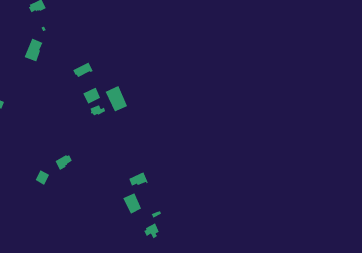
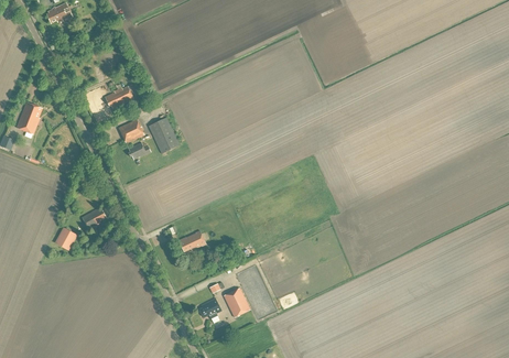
building: [24,37,44,63] -> [15,101,42,134]
building: [122,192,142,215] -> [223,288,249,317]

